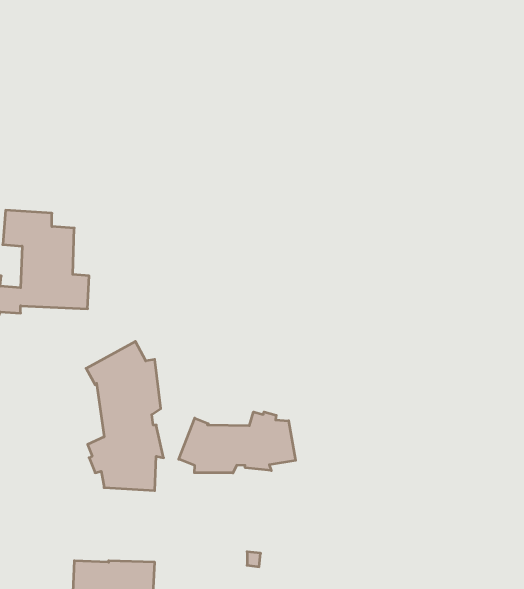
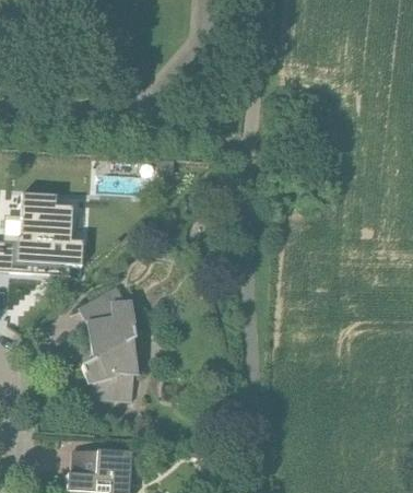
building: [179,412,296,473] -> none

